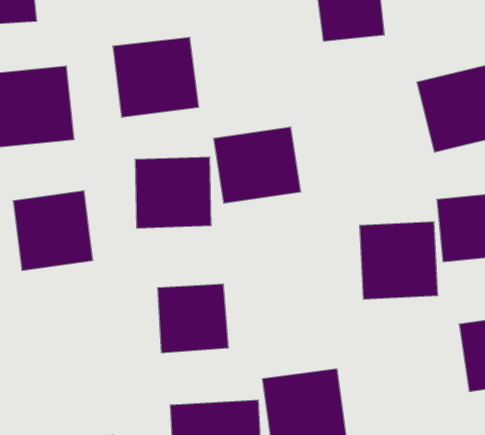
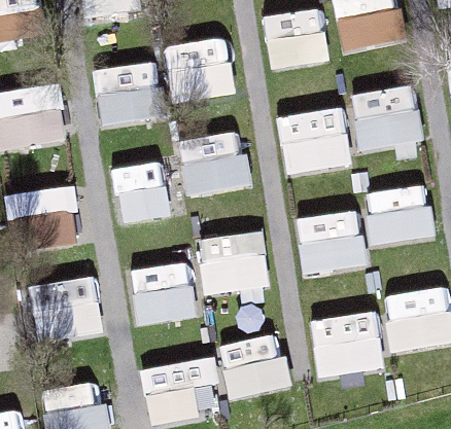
building: none -> [170,38,234,102]
building: none -> [277,107,352,174]
building: none -> [199,233,268,295]
building: none -> [31,275,104,341]
building: none -> [310,311,382,378]

